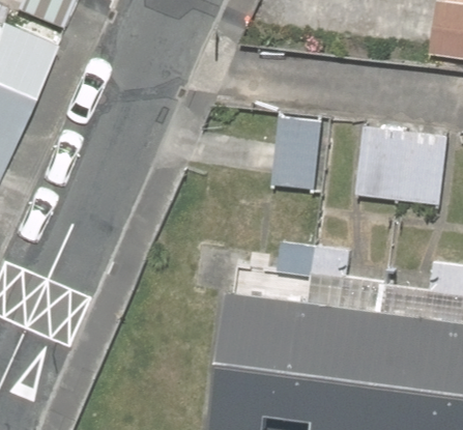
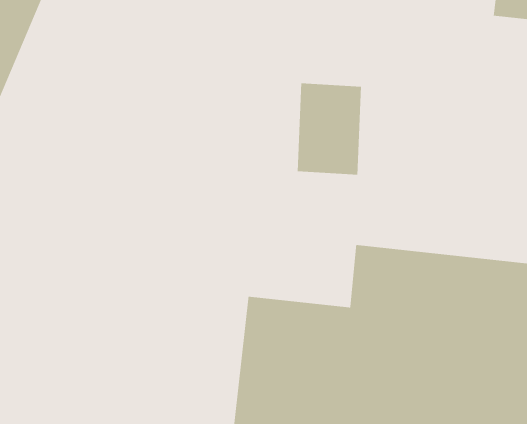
building: [353,117,450,213] -> none

